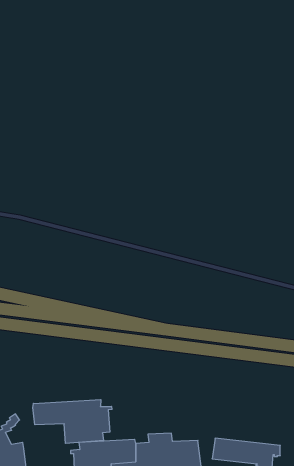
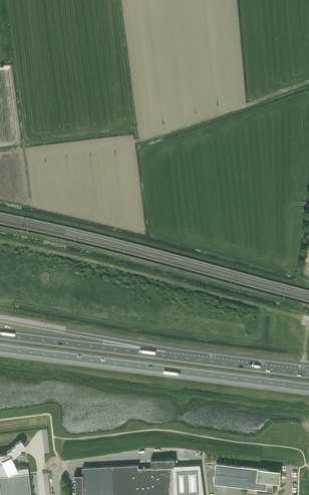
building: [33,400,112,443] -> none

